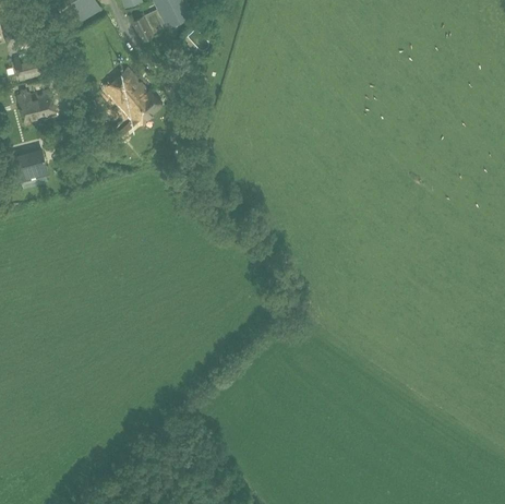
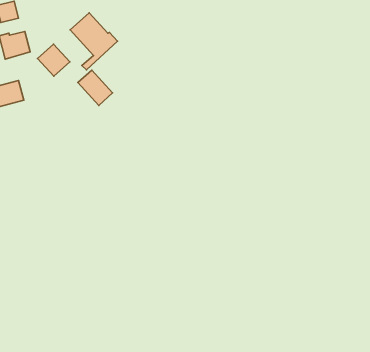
building: none -> [38,44,70,76]
building: none -> [78,70,113,105]

